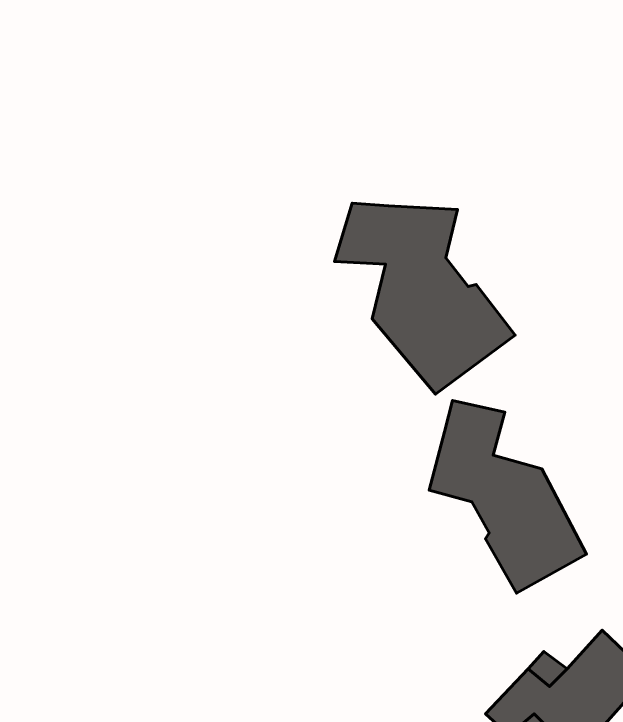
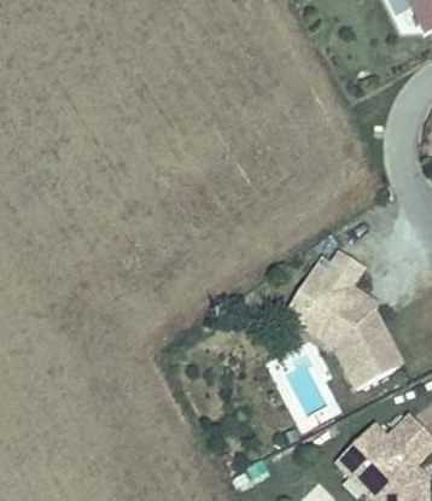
building: [335,203,515,394] -> none

